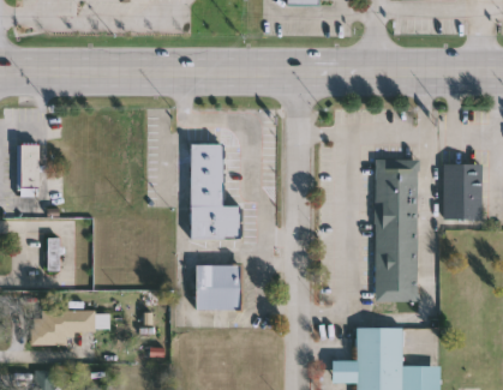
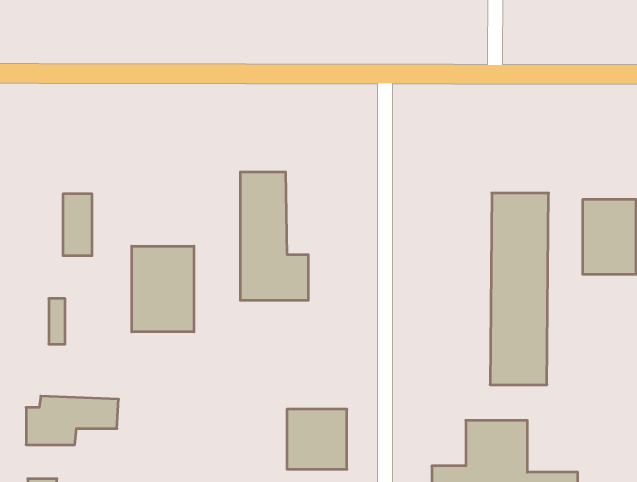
building: [18,144,40,190] -> [63,194,92,256]
building: none -> [132,246,194,332]
building: [196,265,240,310] -> [287,409,347,469]

